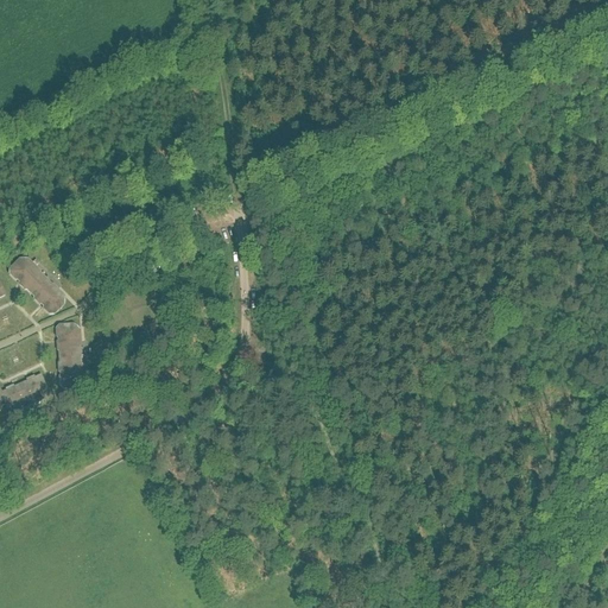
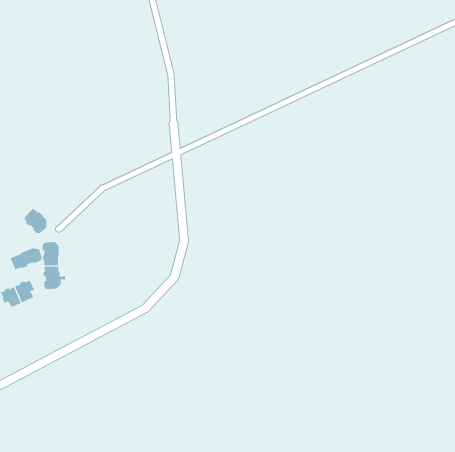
building: [10,255,44,291] -> none
building: none -> [10,247,42,270]

